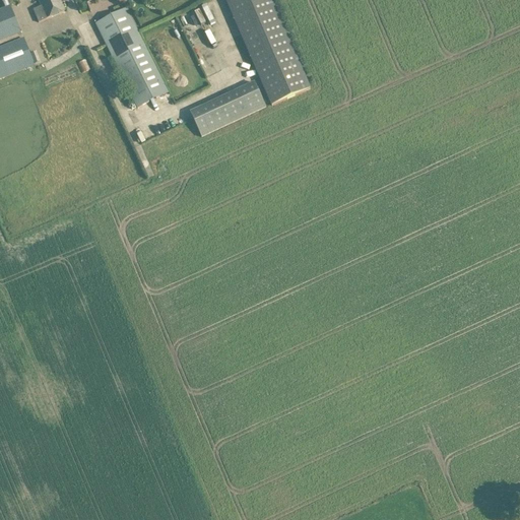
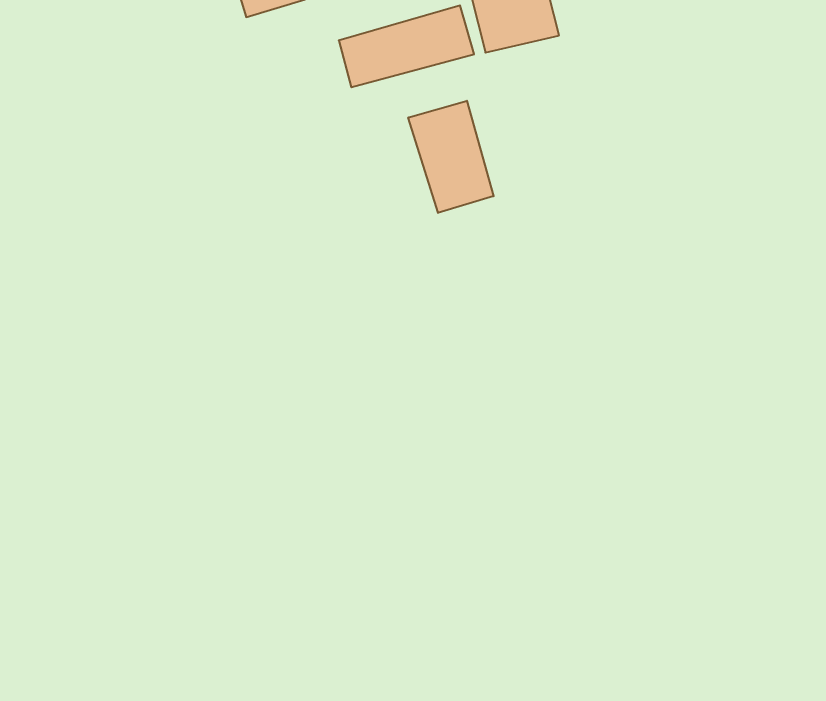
building: none -> [408,101,494,213]

